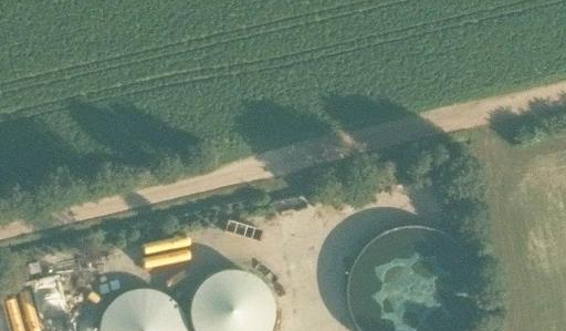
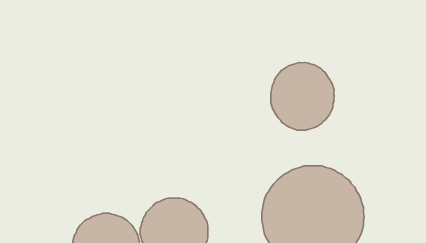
building: none -> [271,63,334,130]

